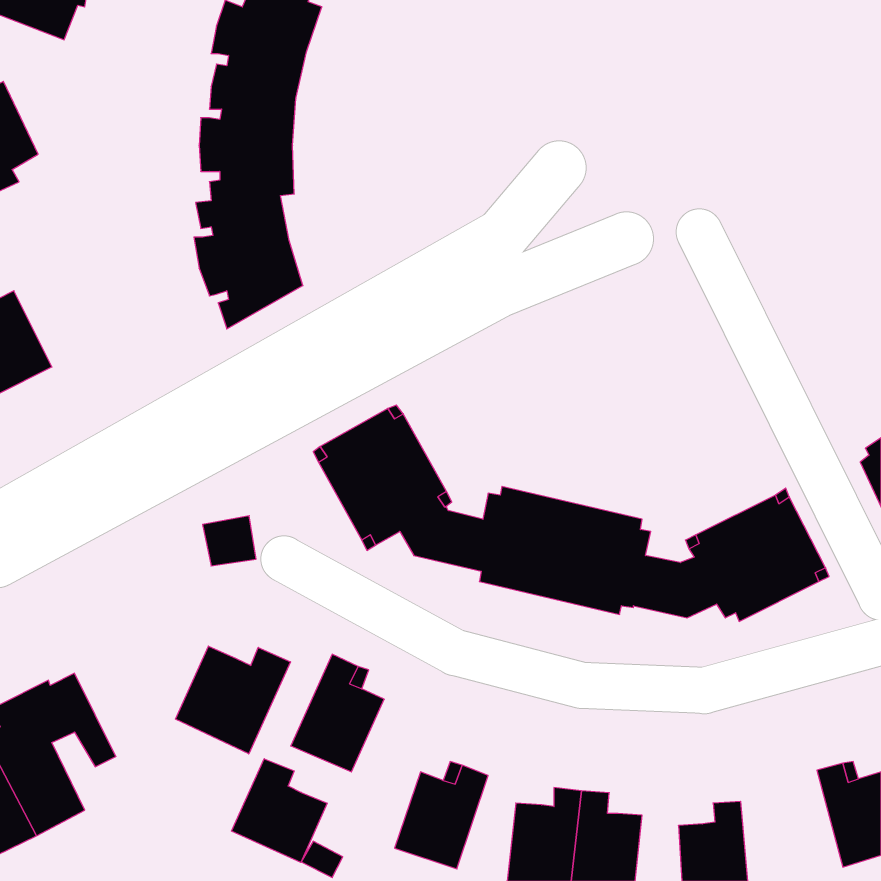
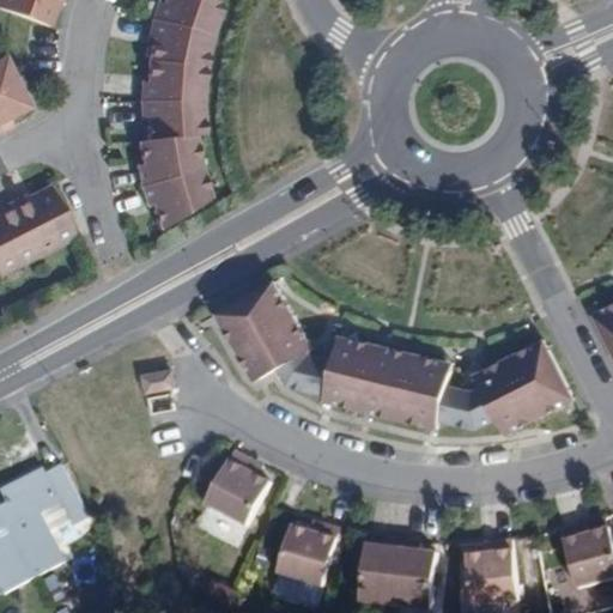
building: none -> [10,186,75,254]
building: [175,646,290,754] -> none
building: [232,759,327,862] -> none

